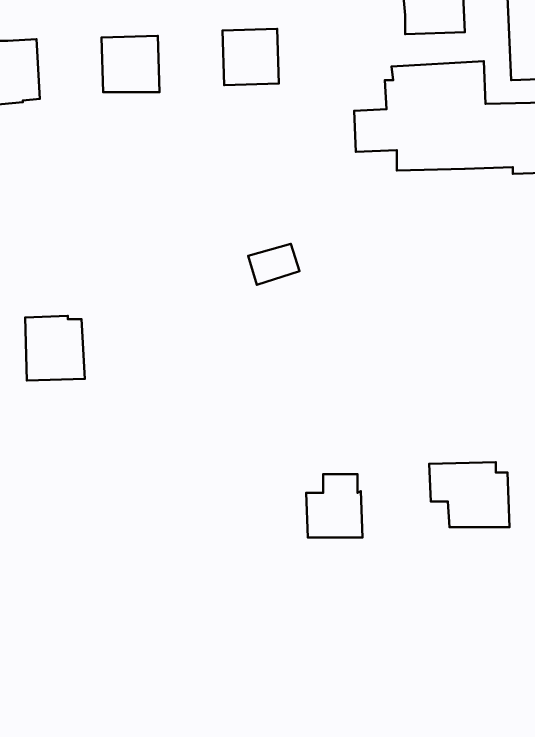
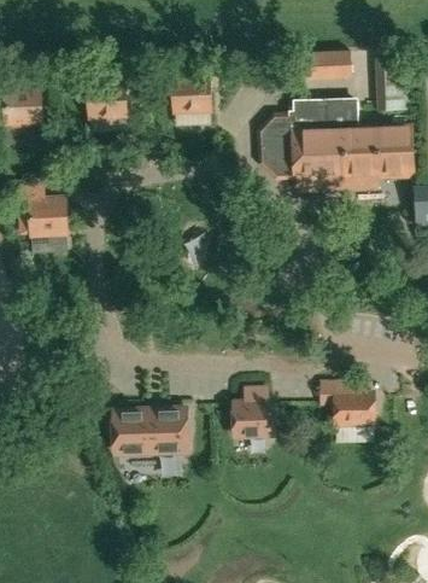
building: [25,316,85,381] -> [27,194,69,240]
building: none -> [111,412,187,451]

